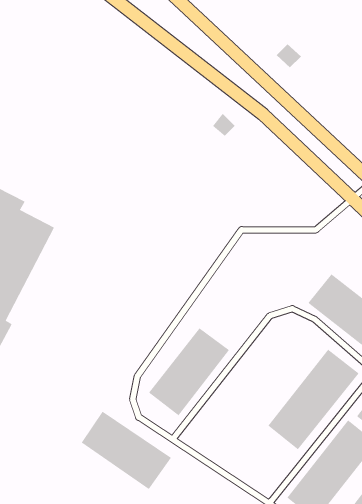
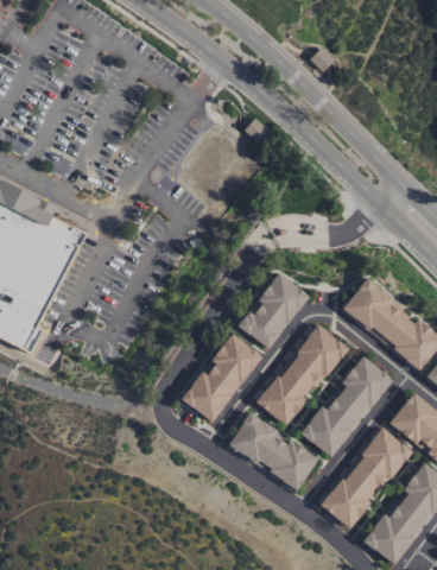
building: none -> [238,273,310,350]
building: none -> [255,324,347,426]
building: [81,411,172,490] -> [227,411,318,490]

